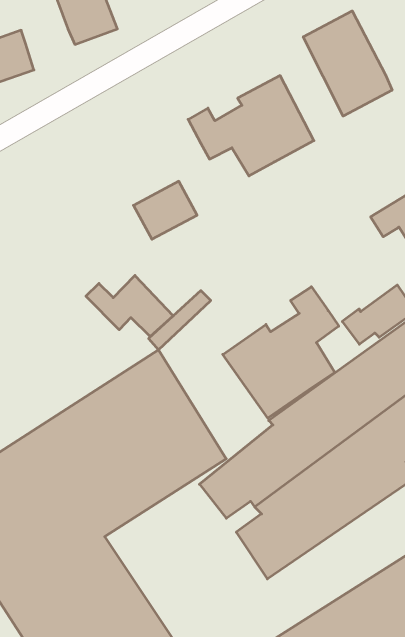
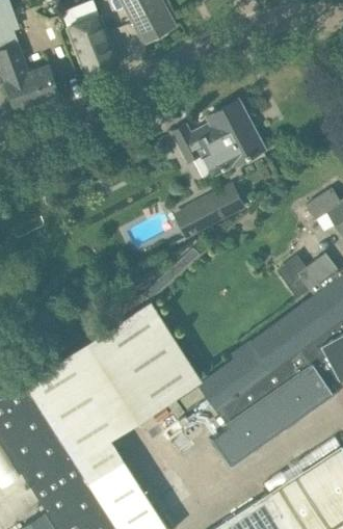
building: [303,11,392,116] -> none
building: [133,181,197,239] -> [187,189,234,232]
building: [86,275,173,337] -> none
building: [223,287,339,418] -> none

